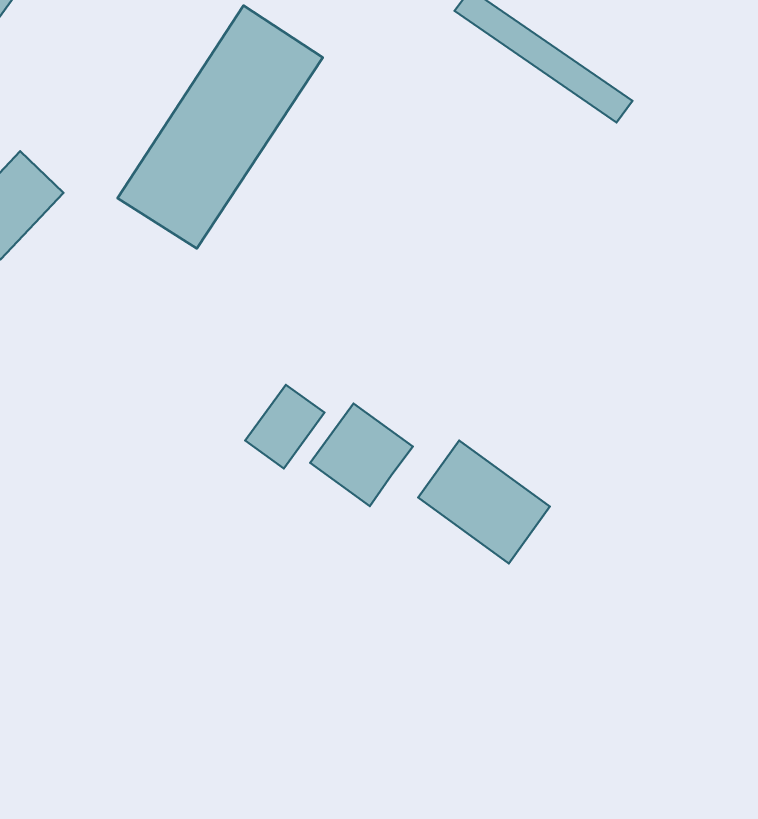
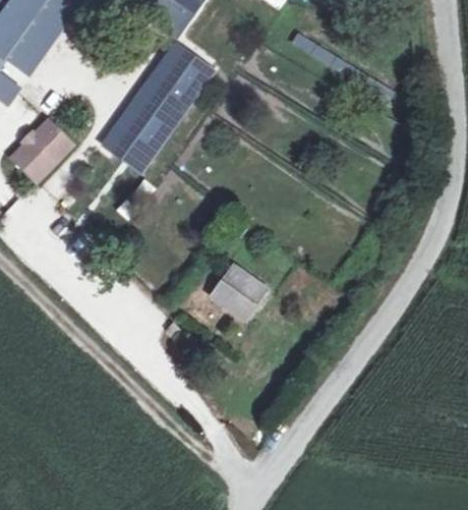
building: [245,385,325,468] -> none
building: [418,441,550,563] -> none

